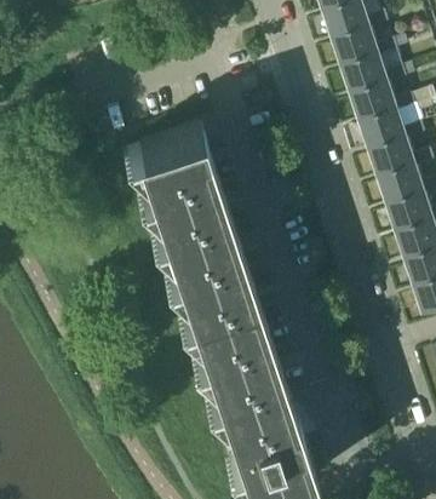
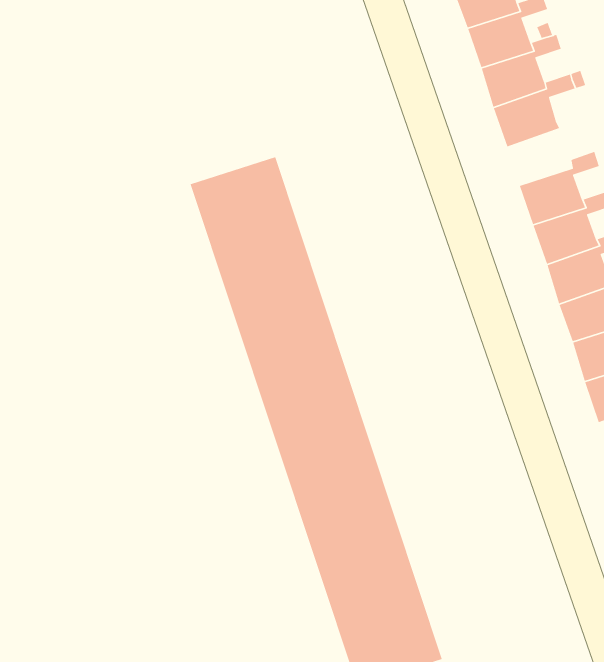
building: [358,93,415,144] -> none

